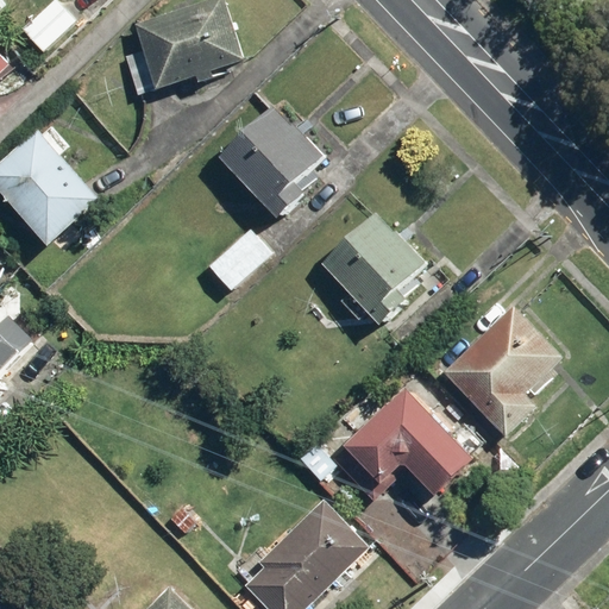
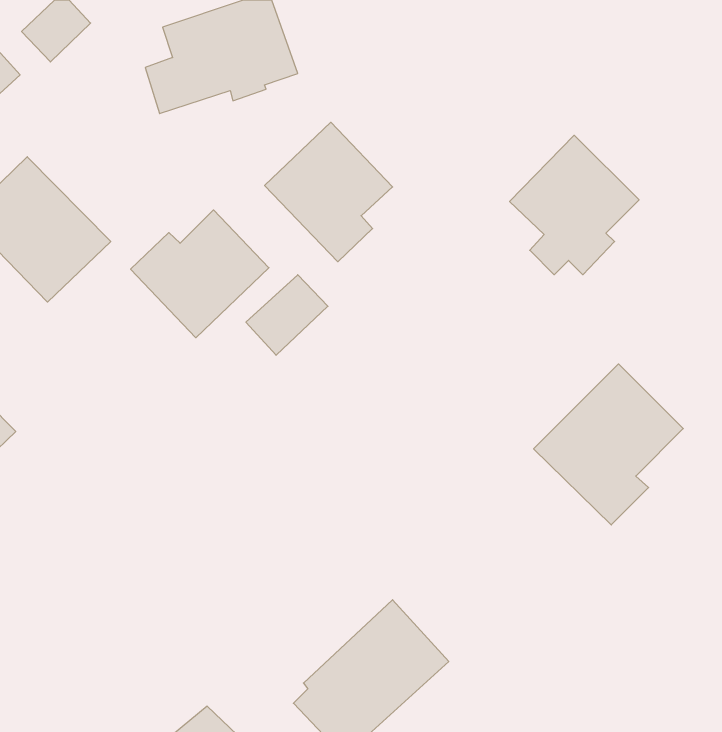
building: none -> [131,210,269,338]
building: [321,208,428,324] -> [510,135,639,275]
building: [333,384,484,498] -> none

